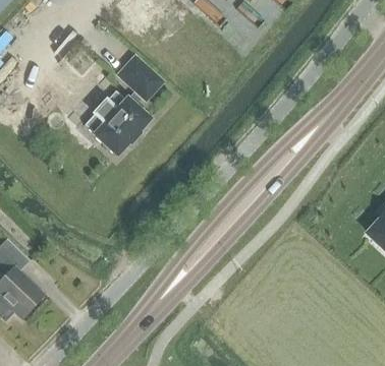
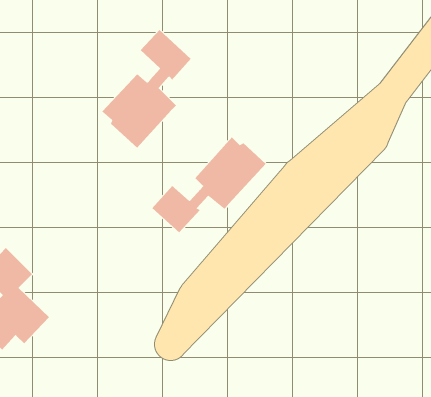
building: none -> [152,137,267,233]

